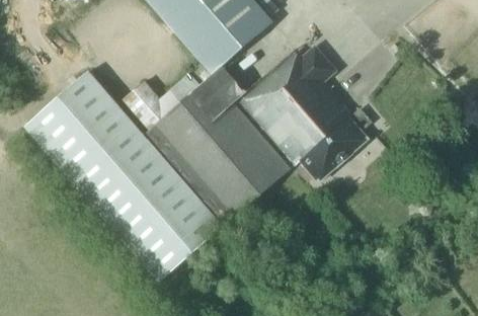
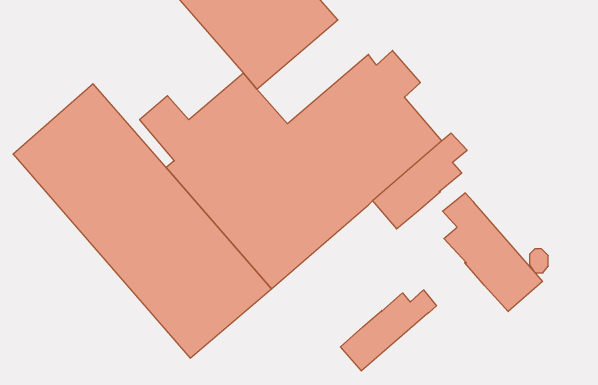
building: none -> [443,193,542,312]
building: none -> [340,290,436,371]

